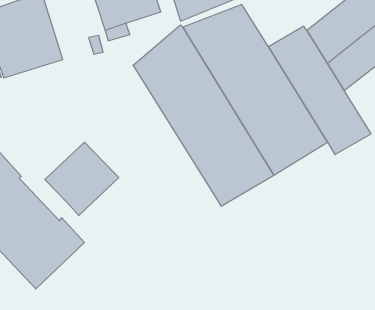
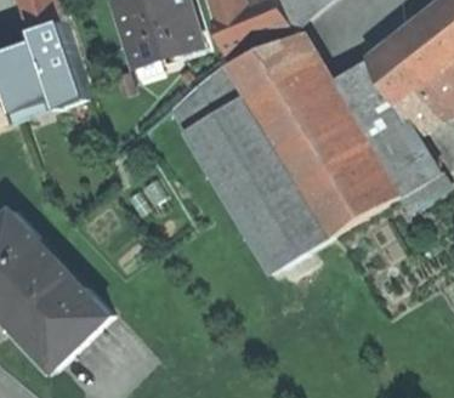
building: [45,142,119,215] -> none

